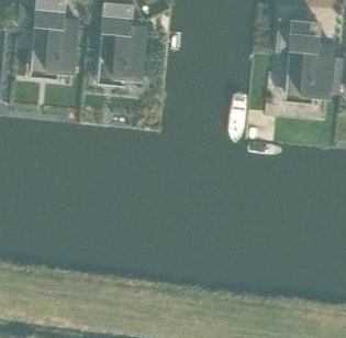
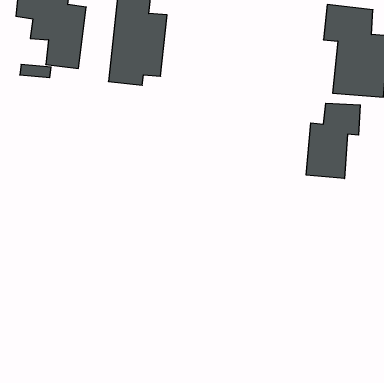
building: none -> [306,103,360,179]

